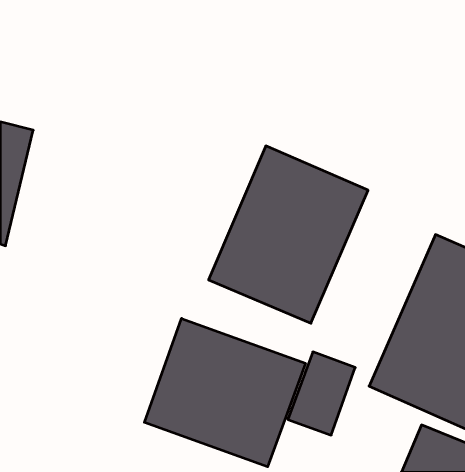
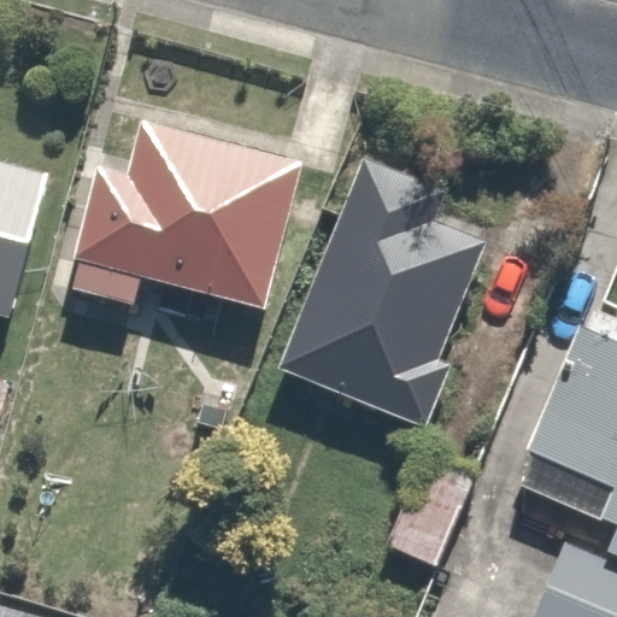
building: none -> [63,125,299,306]
building: [144,318,305,467] -> none

